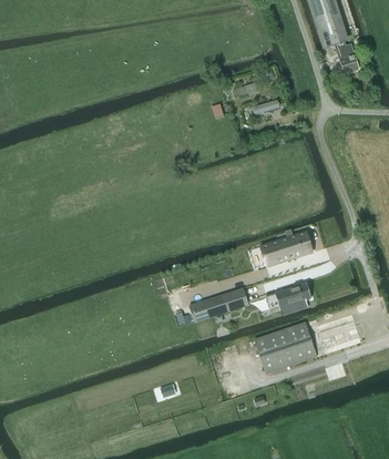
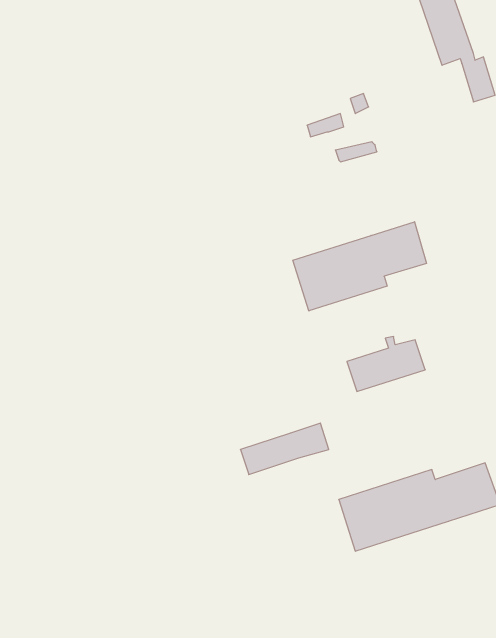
building: none -> [293,222,426,311]
building: [267,282,311,313] -> none

